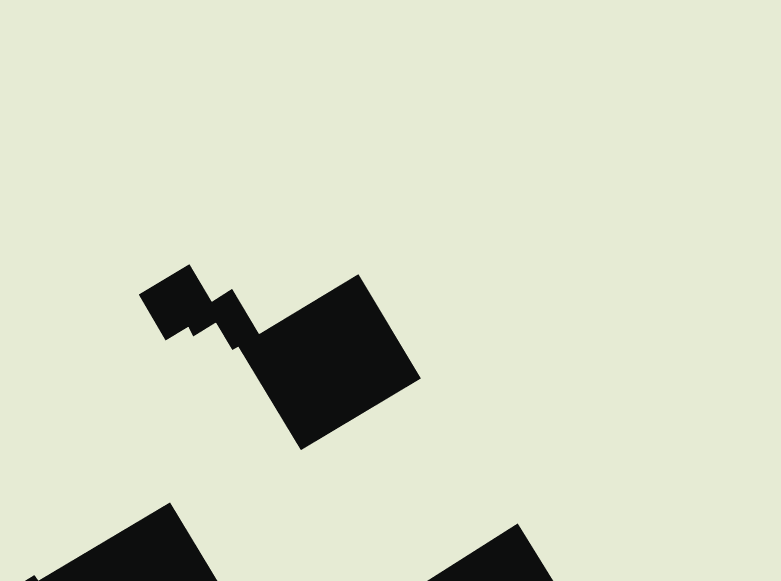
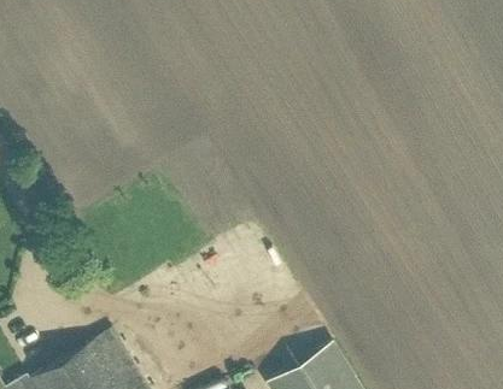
building: [138,263,422,451] -> none

